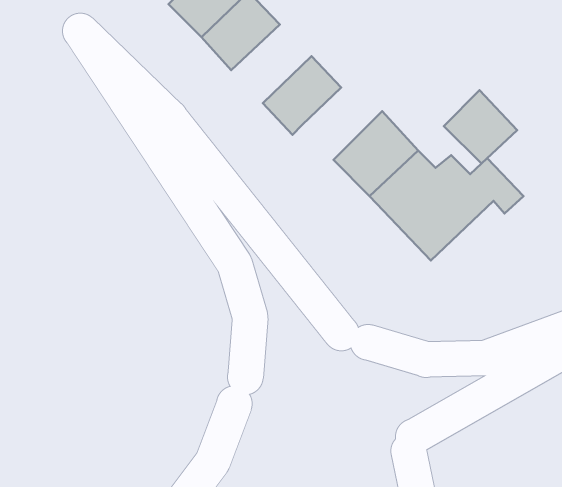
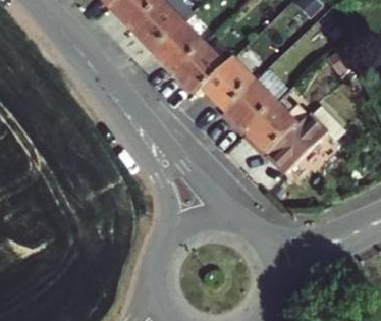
building: none -> [153,20,205,71]
building: none -> [199,55,251,108]
building: [444,90,517,164] -> none

